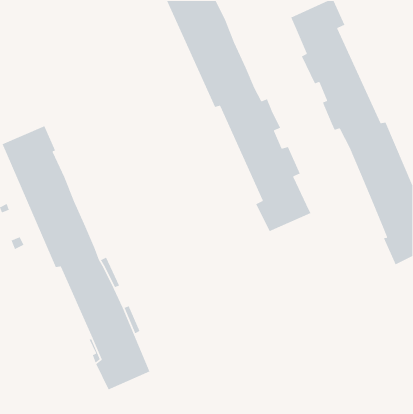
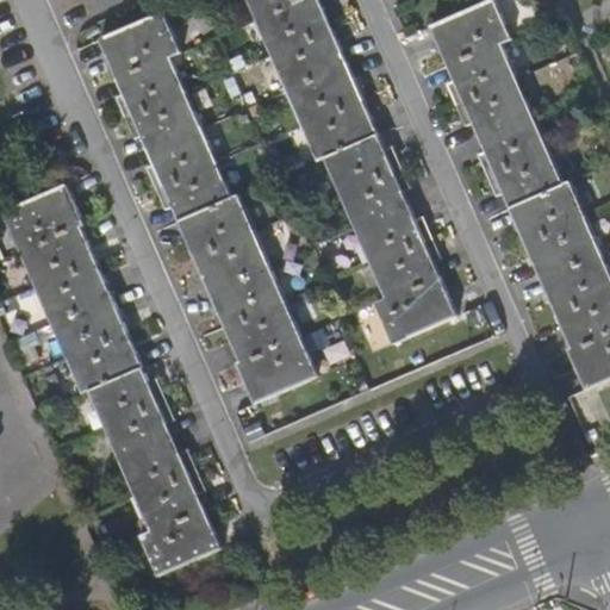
building: none -> [99,11,319,403]

